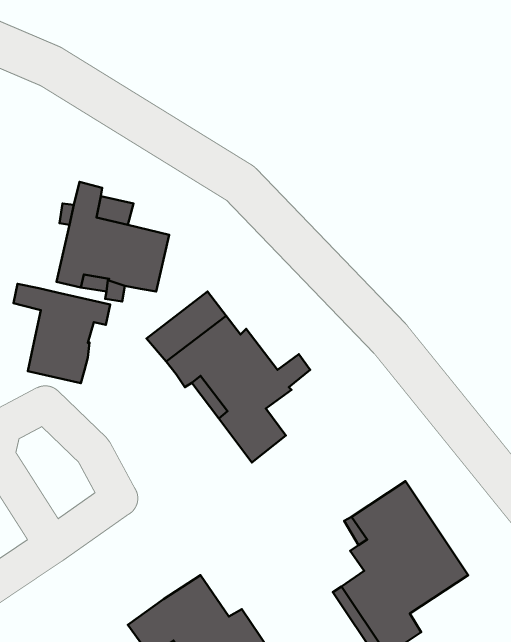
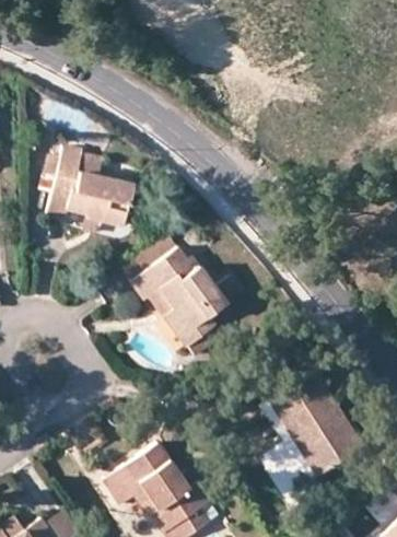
building: [14,284,110,383] -> none

